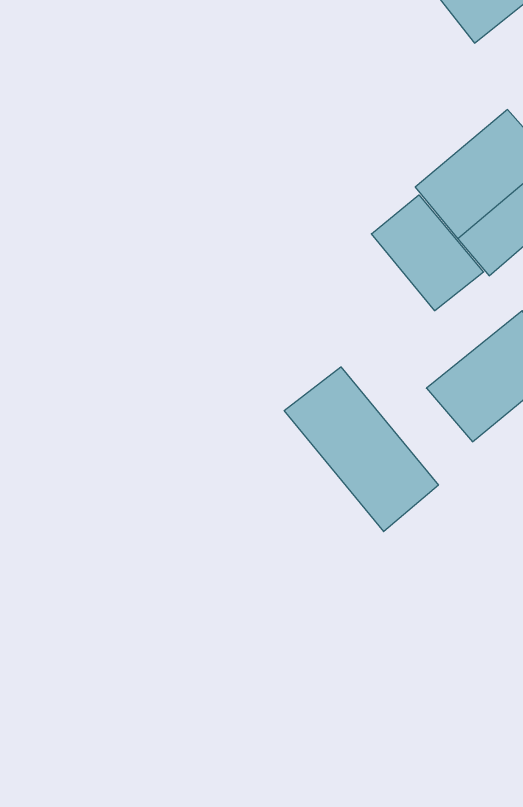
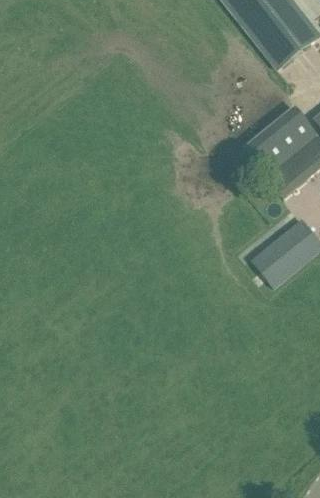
building: [371,195,484,311] -> none
building: [284,367,438,532] -> none

